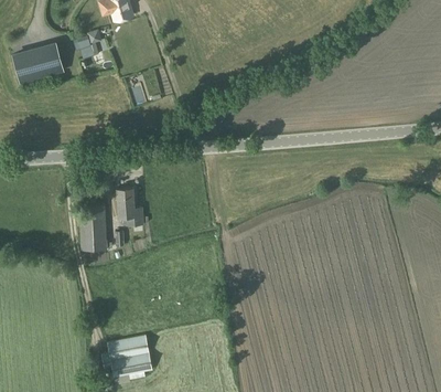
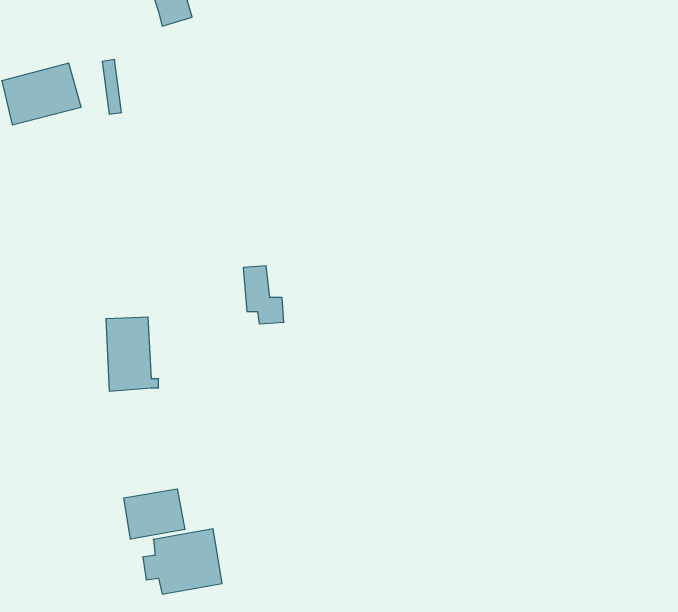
building: [117,188,142,224] -> [243,266,284,324]
building: none -> [124,489,185,539]

